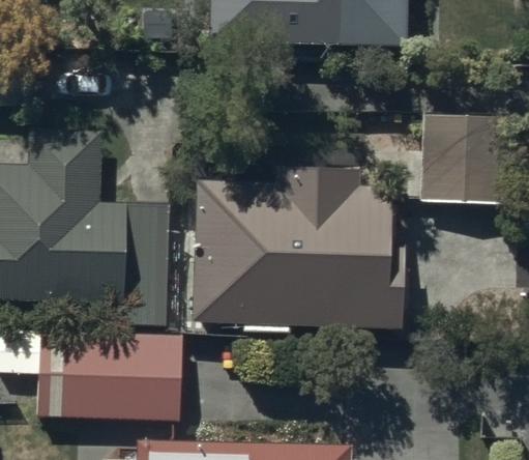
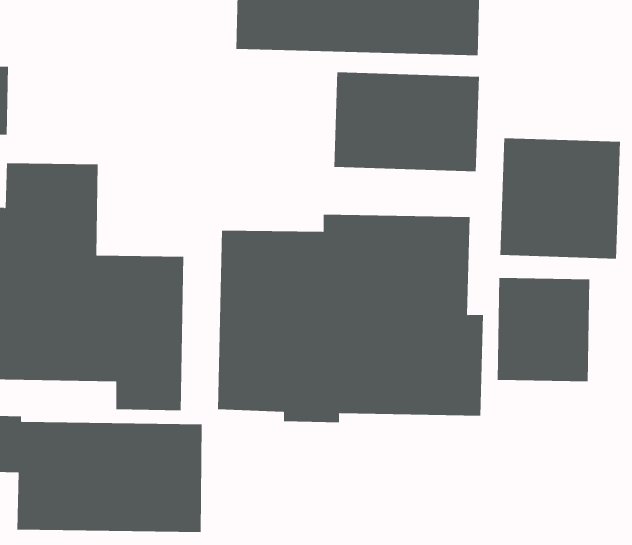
building: none -> [334,71,479,172]
building: none -> [497,277,590,382]

